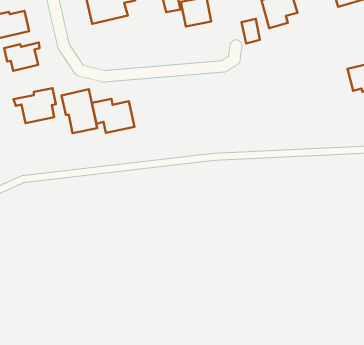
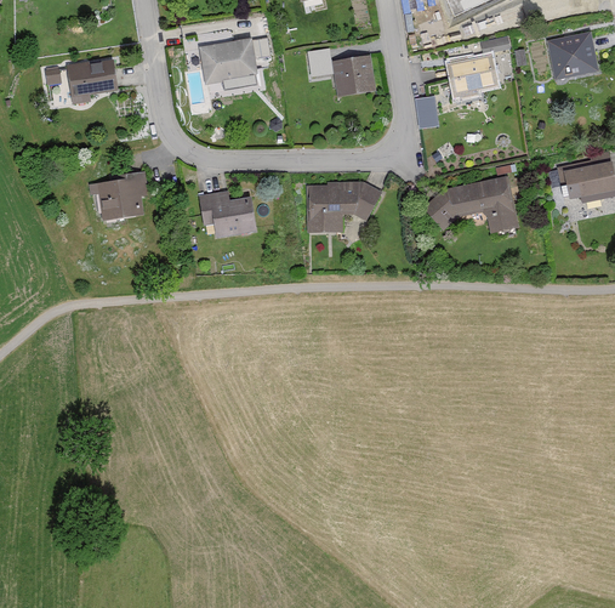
building: [4,42,40,71] -> none
building: none -> [423,176,519,238]
building: none -> [307,182,382,232]
building: [62,89,97,133] -> none

